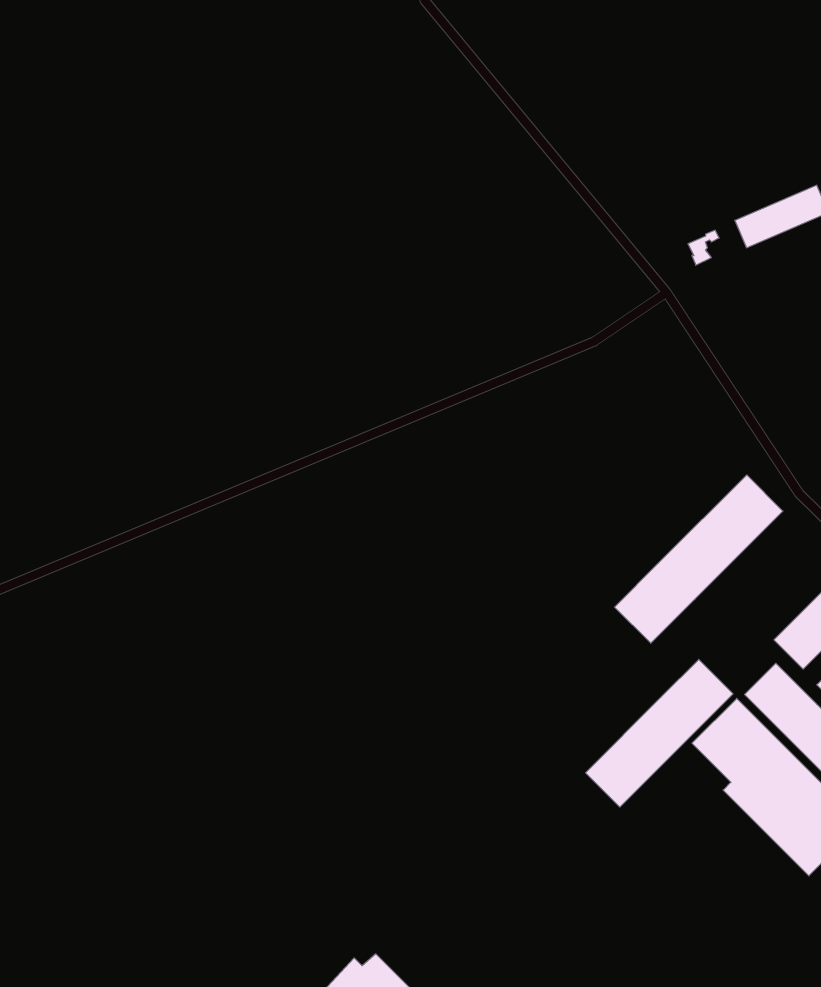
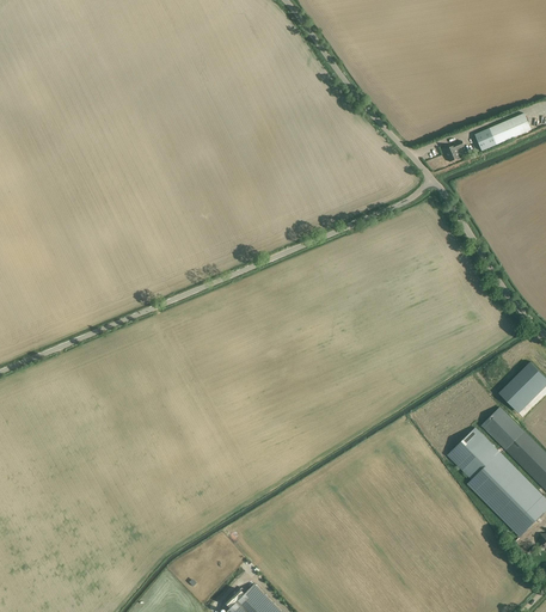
building: [615,475,783,643] -> none
building: [586,659,733,807] -> none

